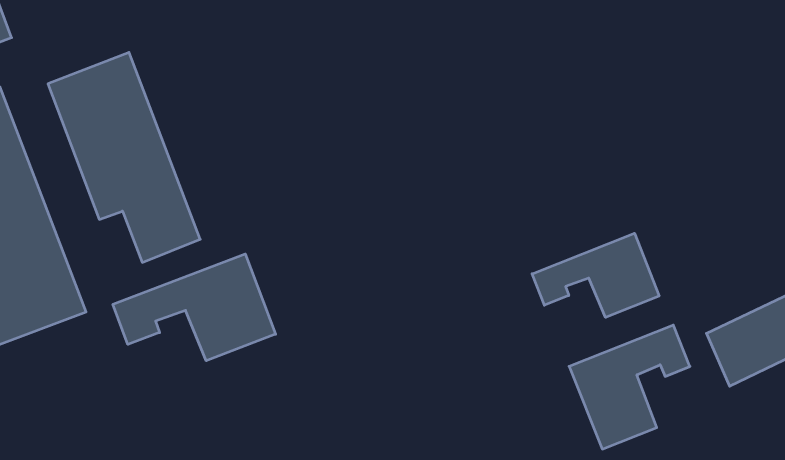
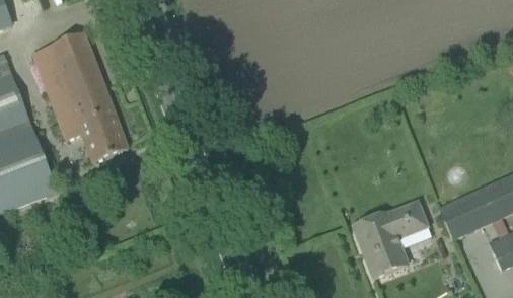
building: [532,233,659,317] -> none
building: [113,254,276,361] -> none

